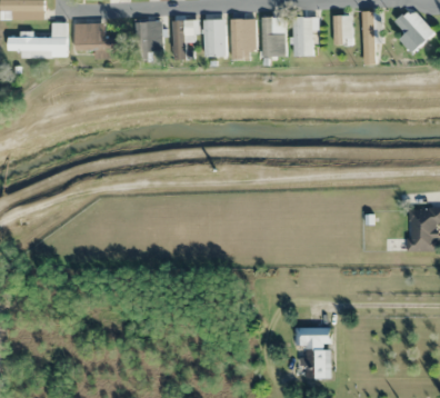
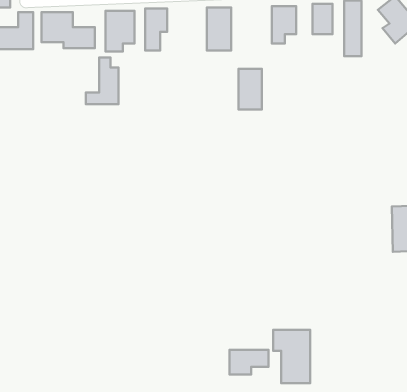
building: [263,17,286,56] -> [239,69,262,110]
building: [206,18,226,57] -> none
building: none -> [86,58,119,104]
building: none -> [229,350,269,374]

